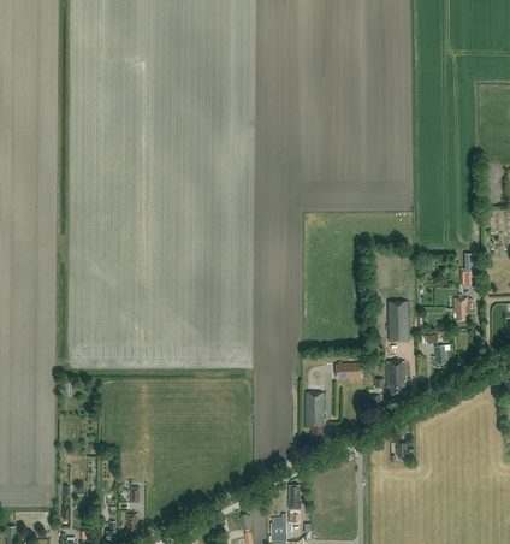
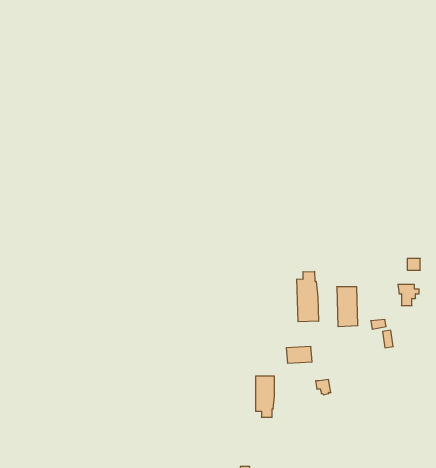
building: none -> [297,271,319,322]
building: [386,361,405,394] -> none

